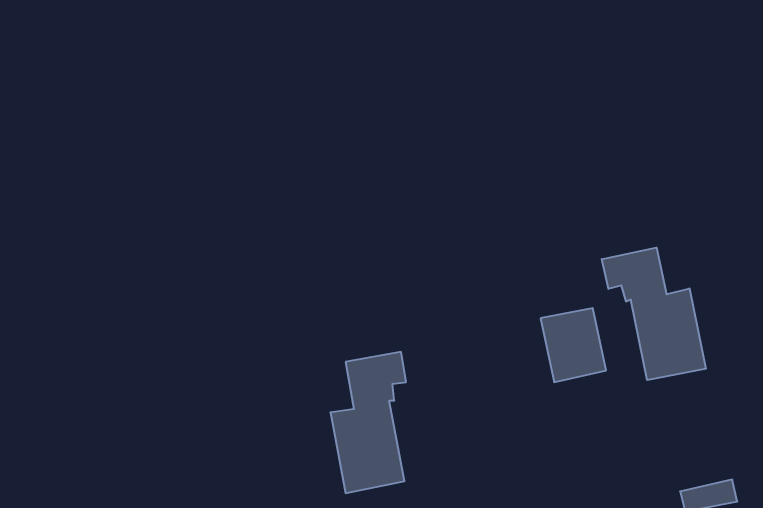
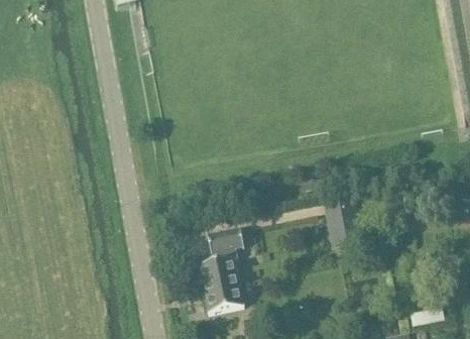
building: [602,248,706,380] -> none

